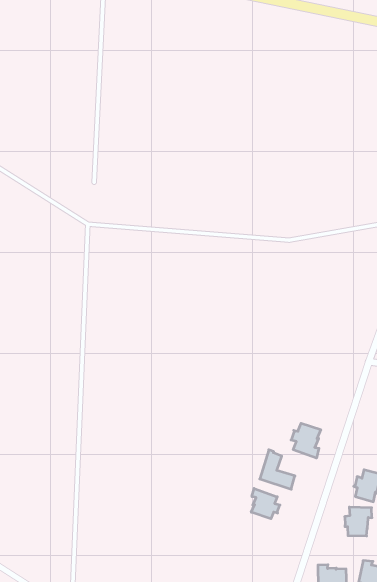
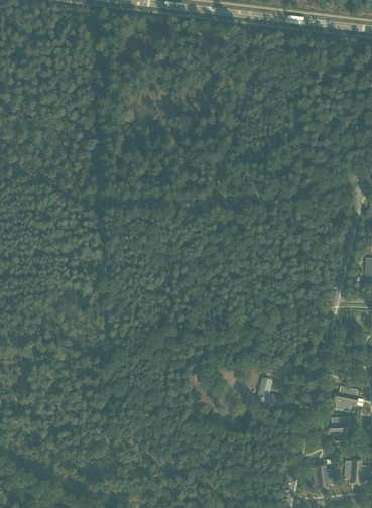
building: [291,423,321,458] -> none
building: [251,488,280,519] -> none

